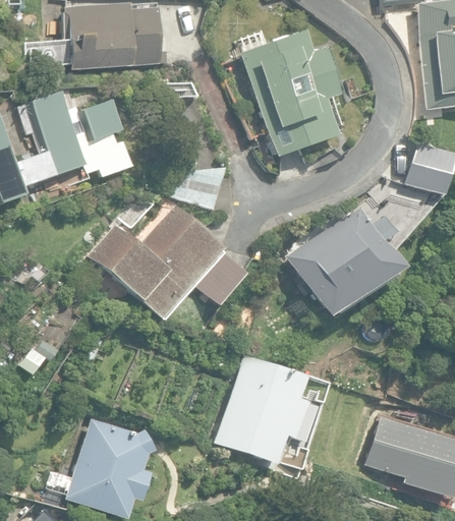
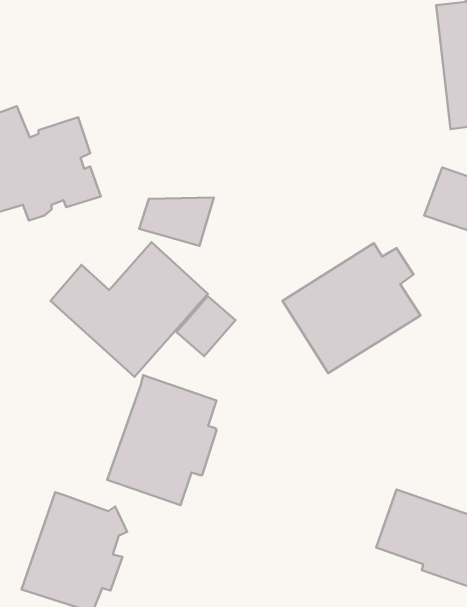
building: [54,5,160,68] -> none
building: [242,31,342,157] -> none
building: [216,354,308,464] -> [107,375,217,505]

